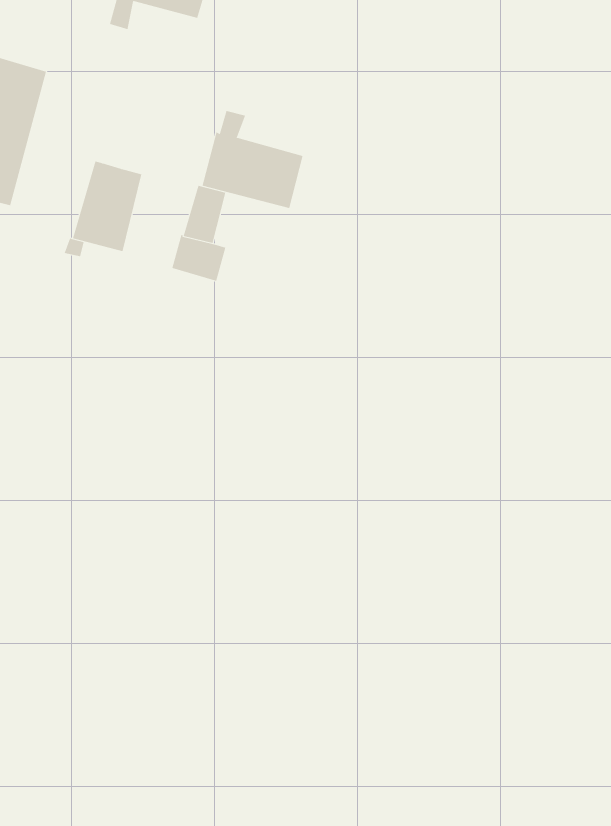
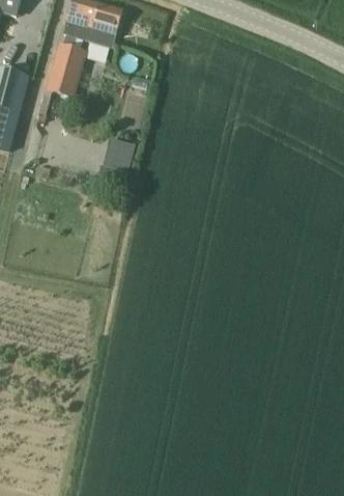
building: [202,110,303,209] -> none
building: [72,161,142,252] -> [46,47,84,97]

